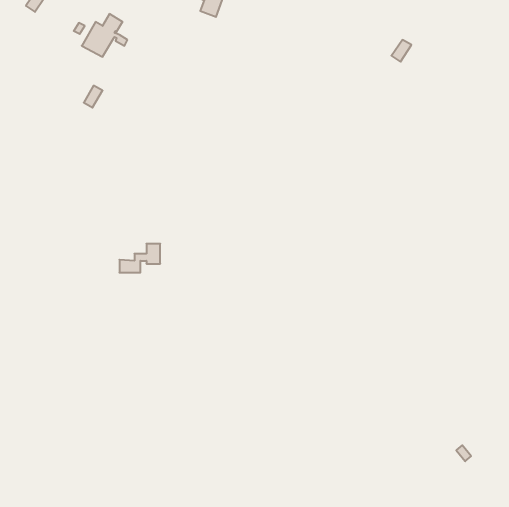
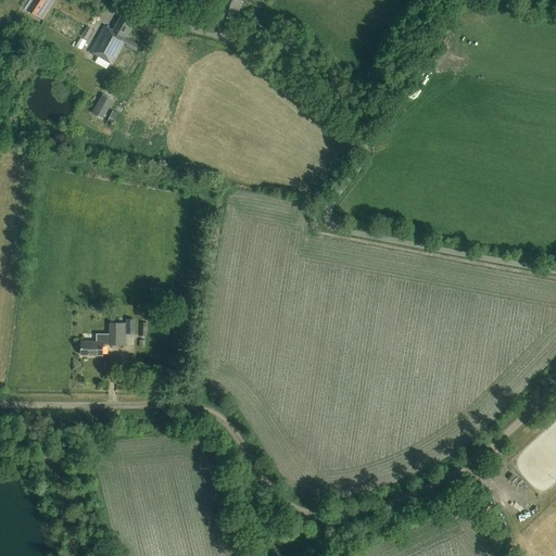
building: [119,244,160,273] -> [80,321,125,353]

